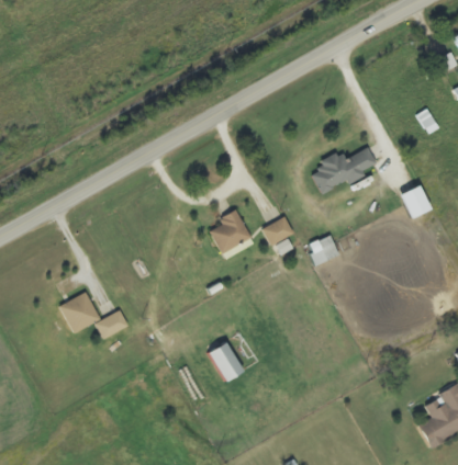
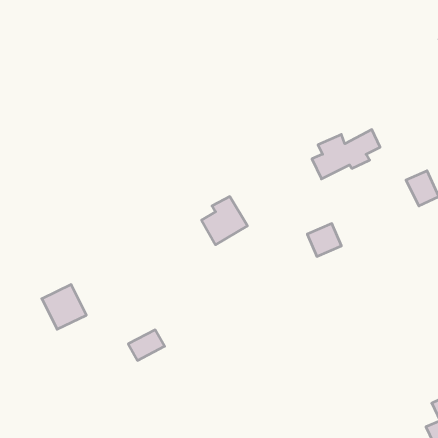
building: [261,216,293,246] -> none
building: [94,310,129,339] -> [128,330,165,360]
building: [210,343,242,382] -> none

